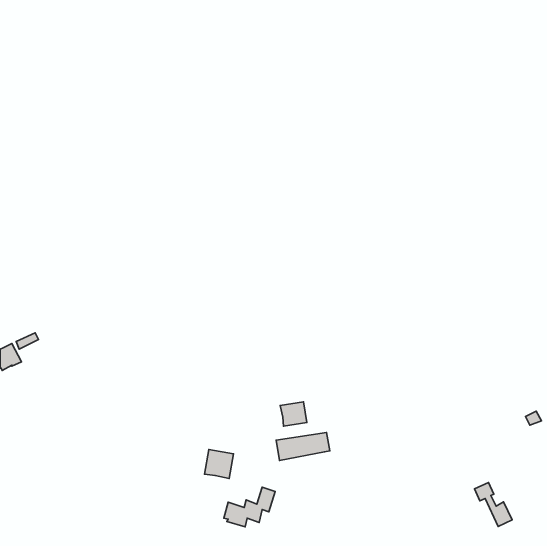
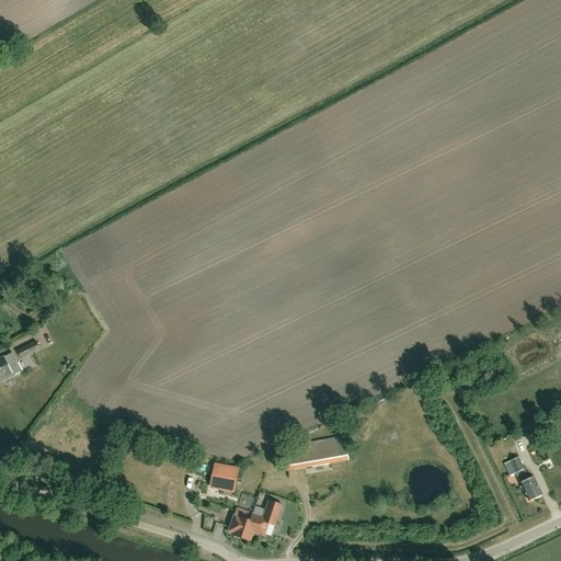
building: [280,402,307,426] -> none
building: [475,483,512,526] -> [504,456,542,501]

